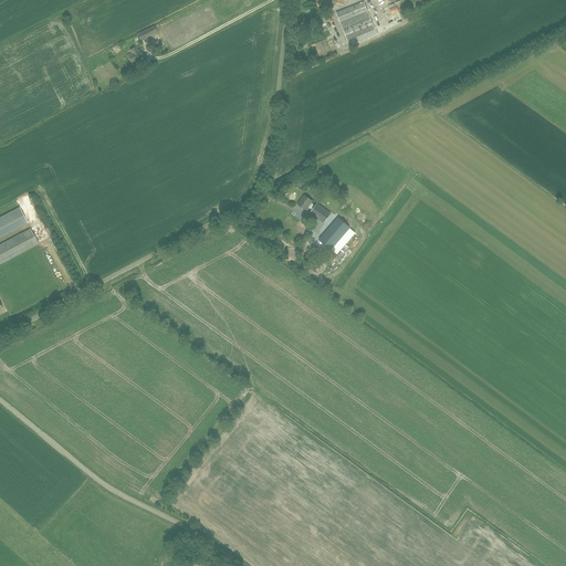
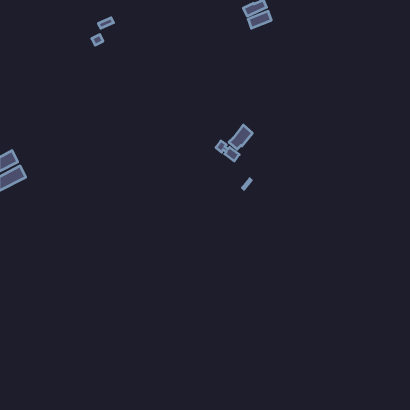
building: [317,213,349,247] -> [229,125,252,149]

